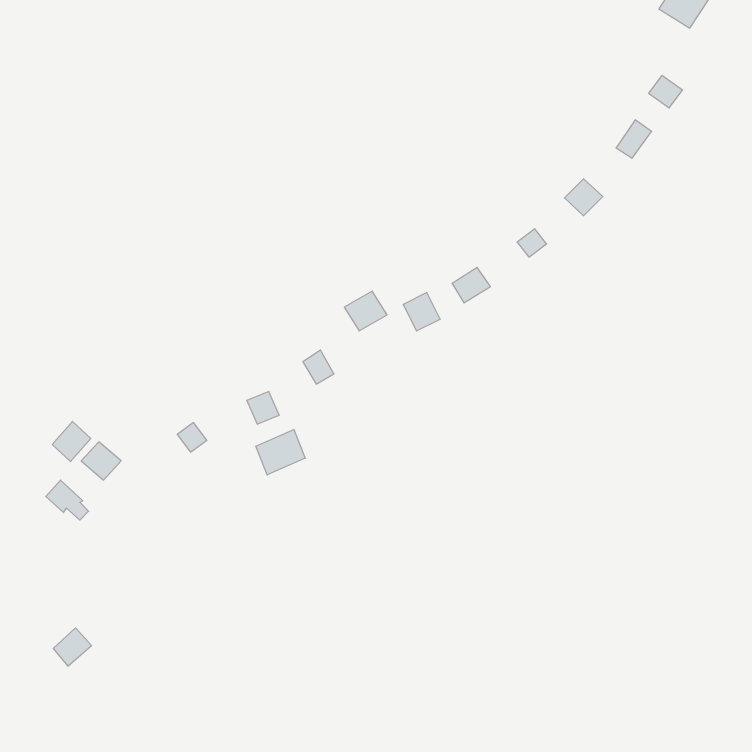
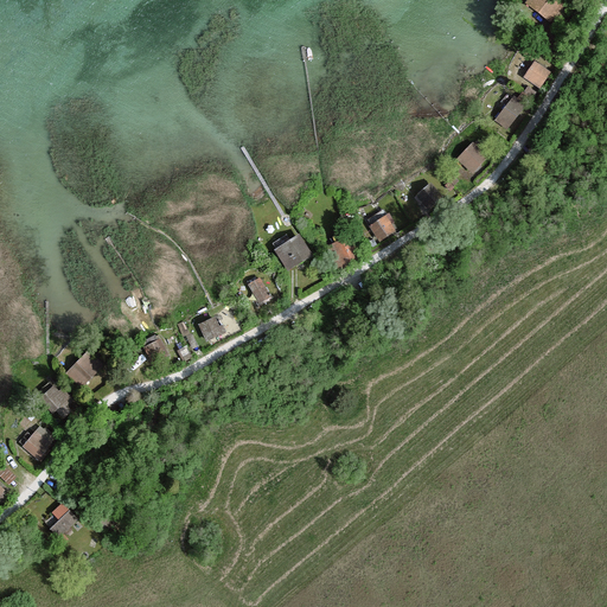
building: [52,421,91,462] -> none
building: [256,429,305,475] -> none
building: none -> [24,426,56,459]

